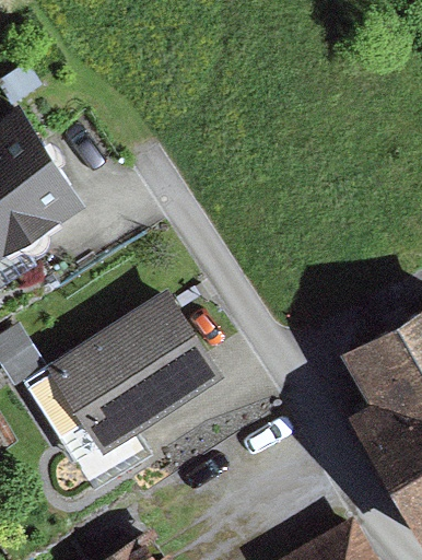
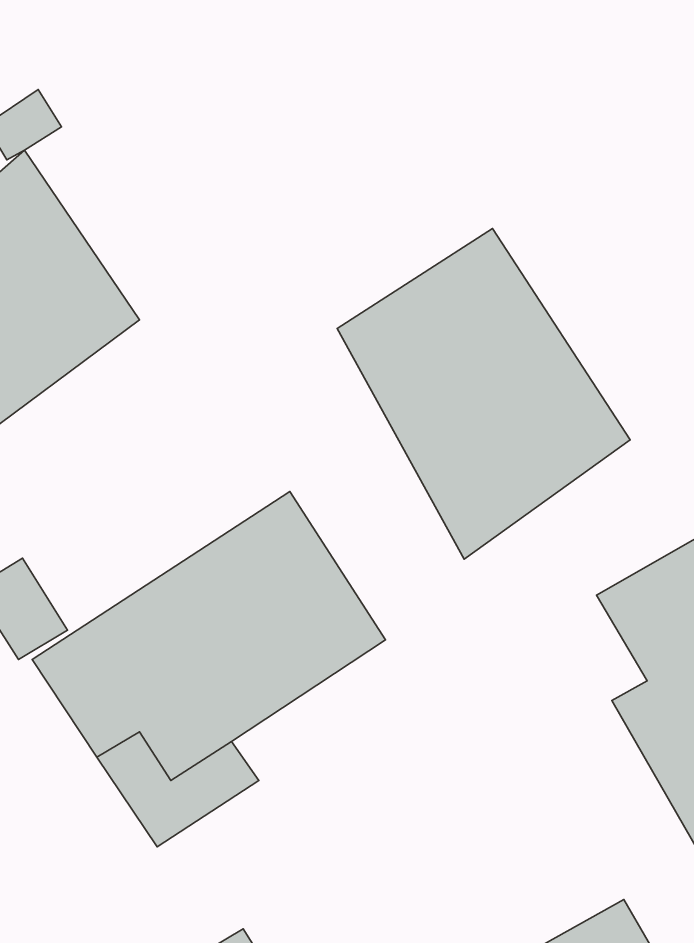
building: none -> [337,228,630,559]

